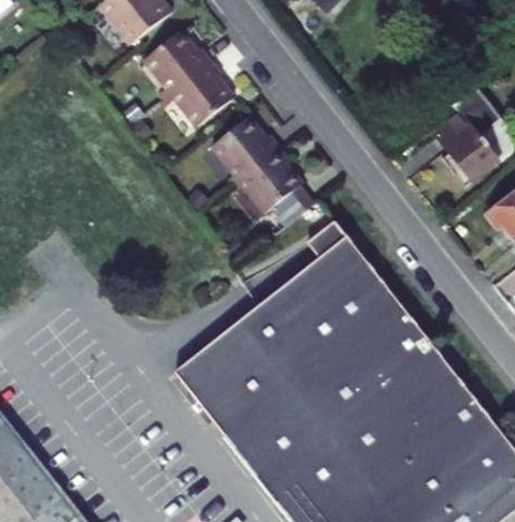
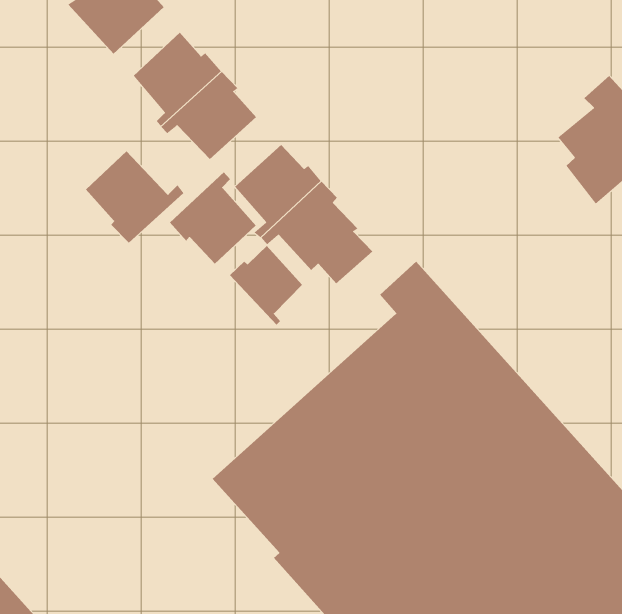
building: none -> [85,151,184,243]
building: none -> [169,171,257,265]
building: none -> [229,245,303,325]

